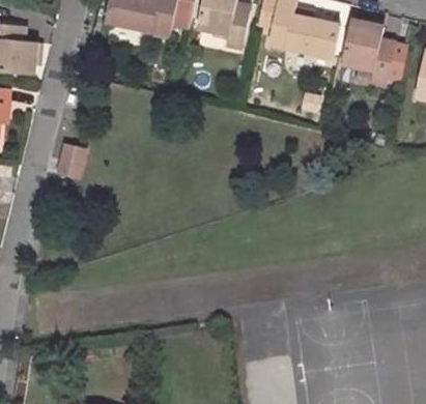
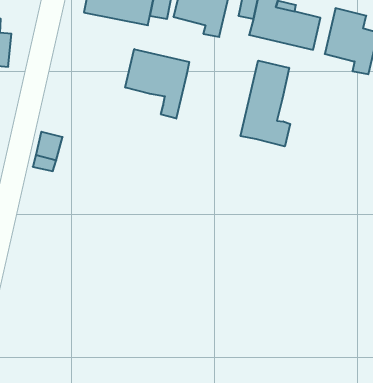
building: none -> [125,49,189,119]
building: none -> [241,61,290,146]

